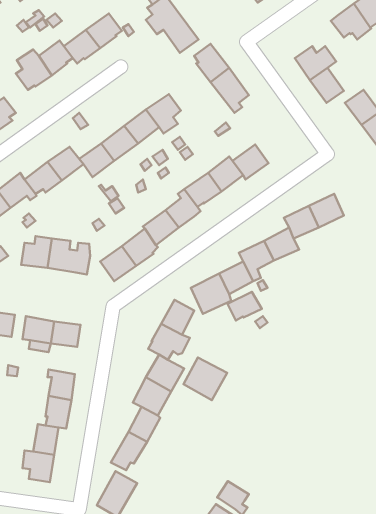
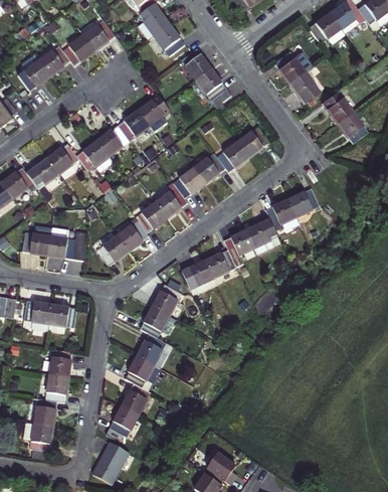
building: none -> [237,126,269,158]
building: [228,292,262,320] -> none
building: [183,358,227,400] -> none

